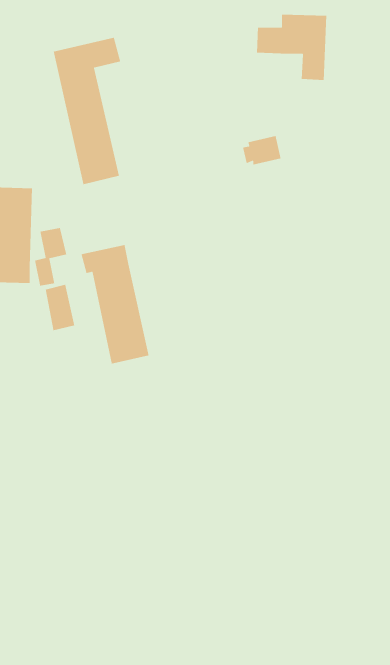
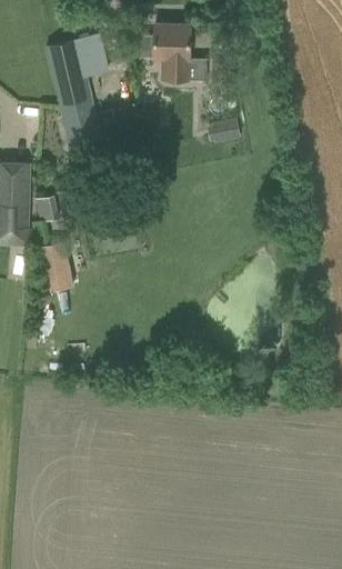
building: [256,14,327,81] -> [133,23,193,80]
building: [81,244,150,364] -> none

